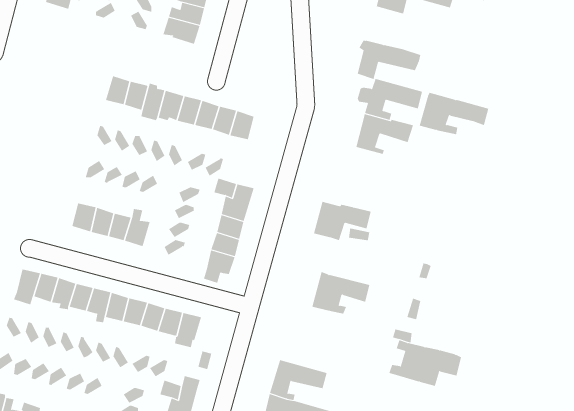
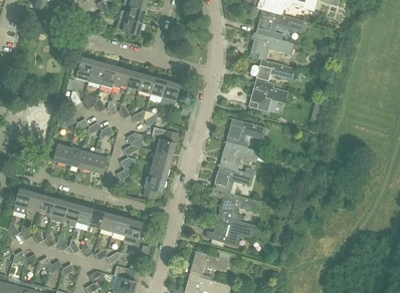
building: [419,92,489,135] -> [255,9,304,38]
building: none -> [225,117,265,146]
building: none -> [213,165,252,193]
building: [389,340,462,386] -> [205,213,255,245]

